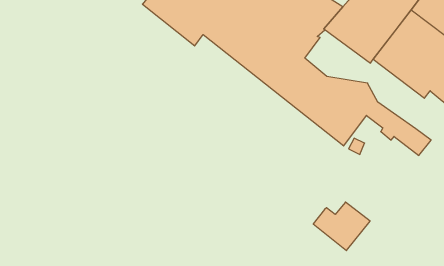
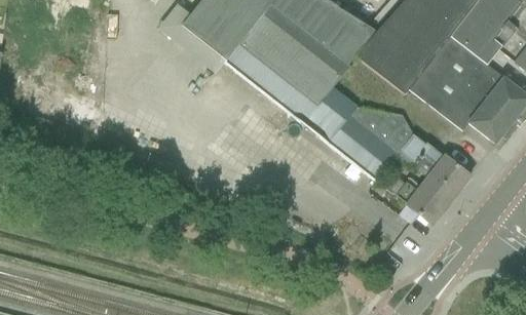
building: [313,202,370,251] -> [397,170,458,223]

